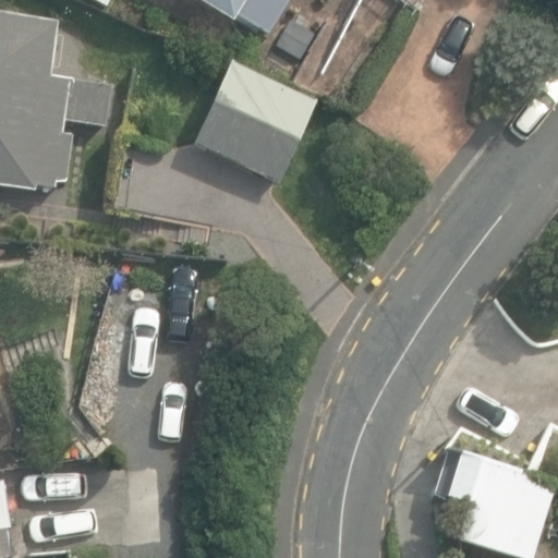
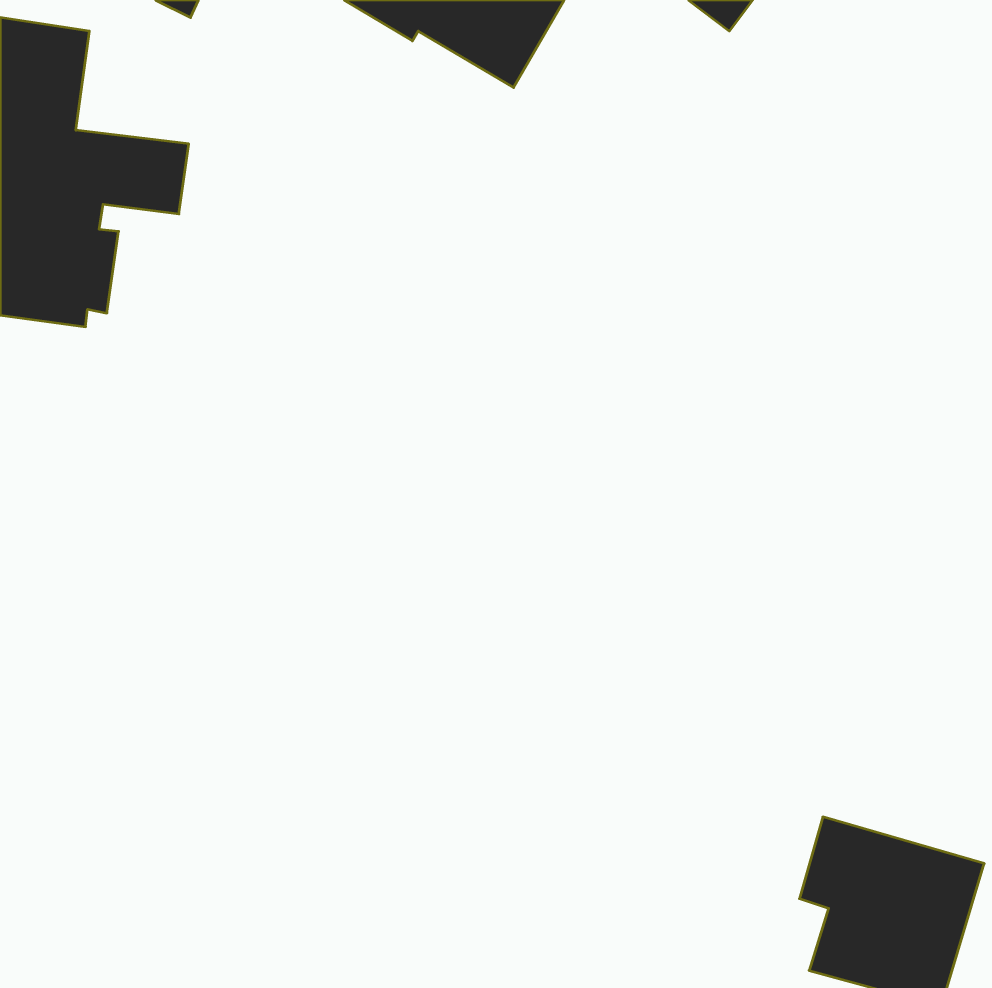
building: [192,59,316,179] -> none

